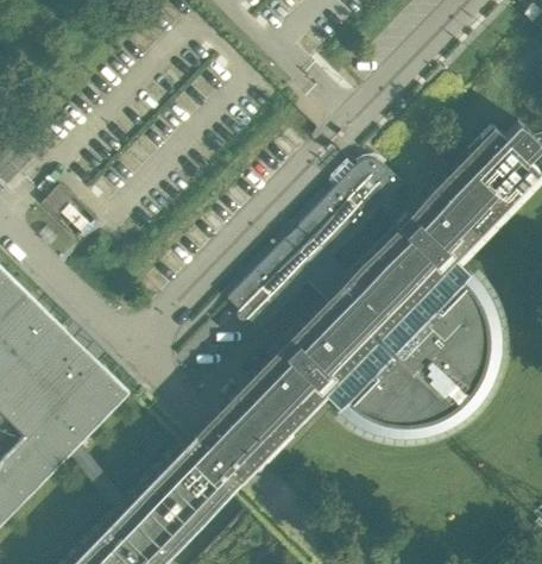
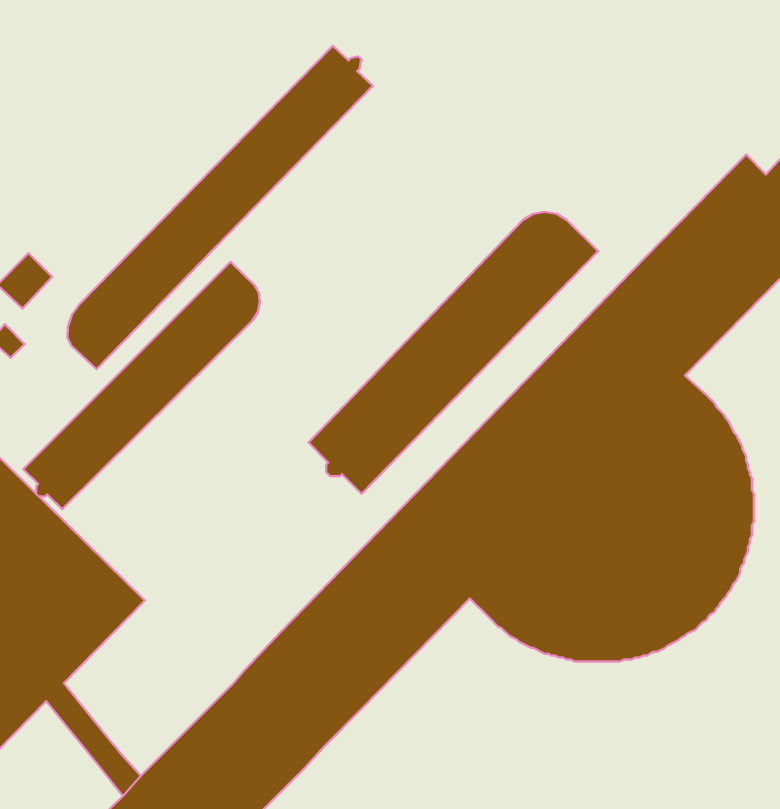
building: none -> [68,46,373,369]
building: none -> [23,262,260,509]

